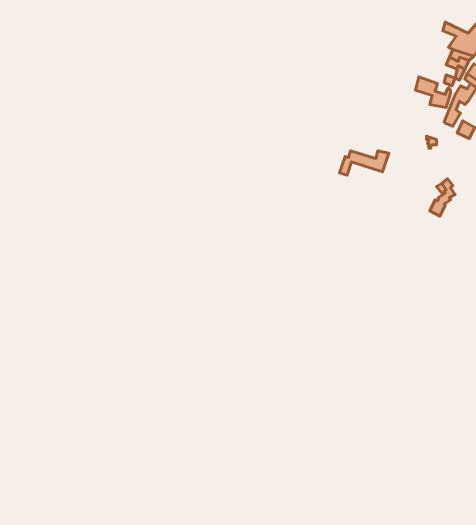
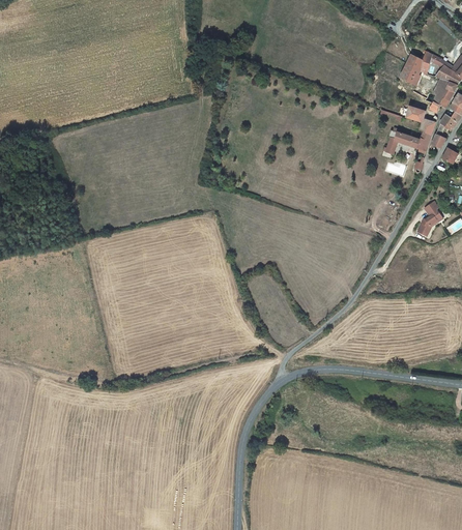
building: none -> [400,49,431,85]
building: [340,151,389,175] -> [385,131,432,154]

